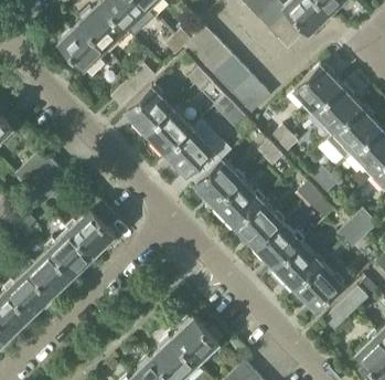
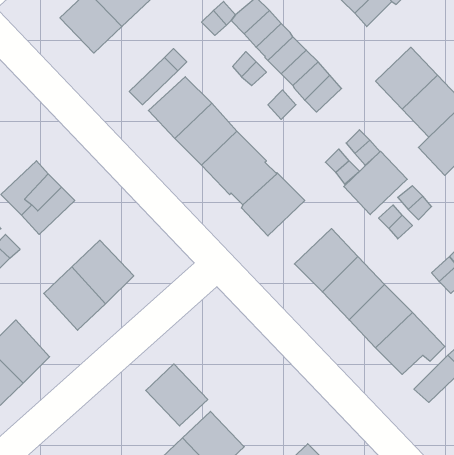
building: [214,180,261,228] -> [344,151,407,215]
building: [25,250,72,297] -> none
building: [171,318,217,365] -> [146,364,208,426]

